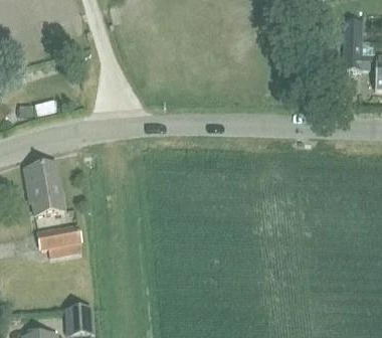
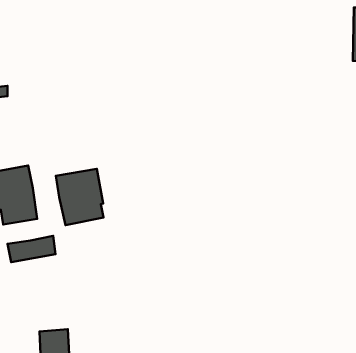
building: none -> [56,169,104,225]

